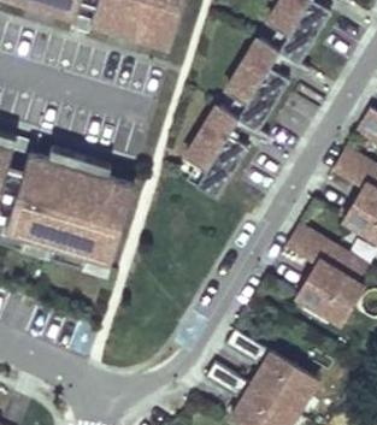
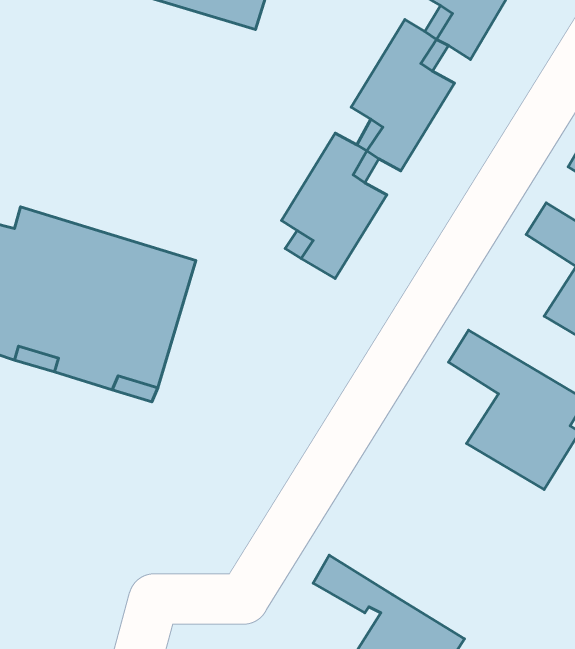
building: [225,329,317,414] -> none

